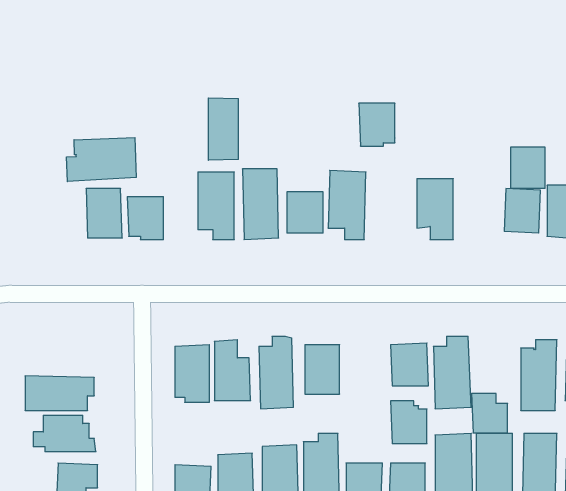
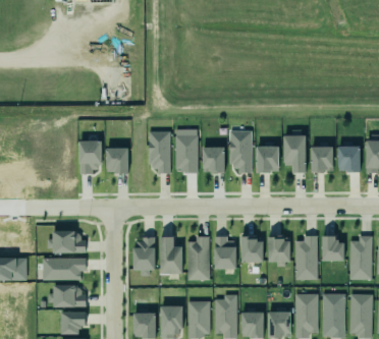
building: [208,98,238,160] -> none
building: [359,103,395,146] -> [255,146,277,172]
building: [67,138,136,182] -> none
building: [511,147,545,188] -> [312,147,333,172]
building: none -> [48,231,87,252]
building: [471,394,508,433] -> [322,236,344,261]
building: [391,401,427,444] -> [239,235,262,262]

